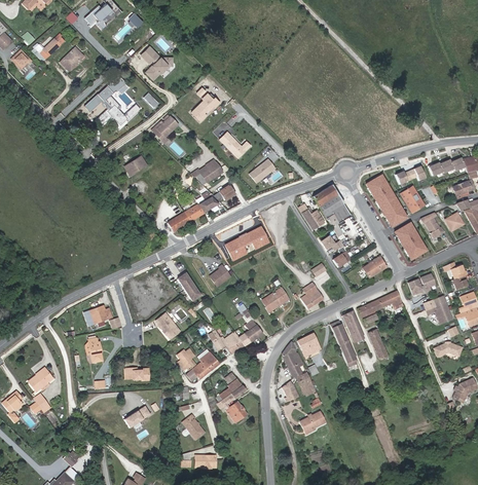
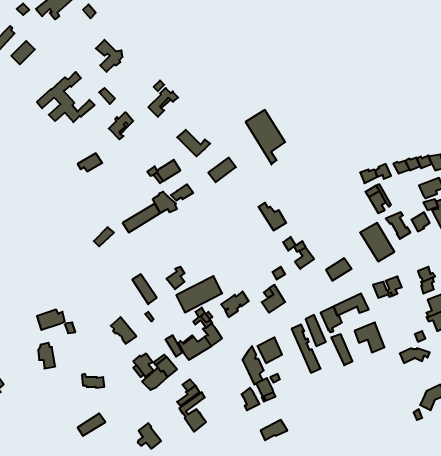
building: [372,179,410,226] -> none
building: [314,184,352,236] -> [246,110,285,165]
building: [226,225,270,260] -> [176,276,222,312]
building: [424,295,452,324] -> [355,322,385,352]

